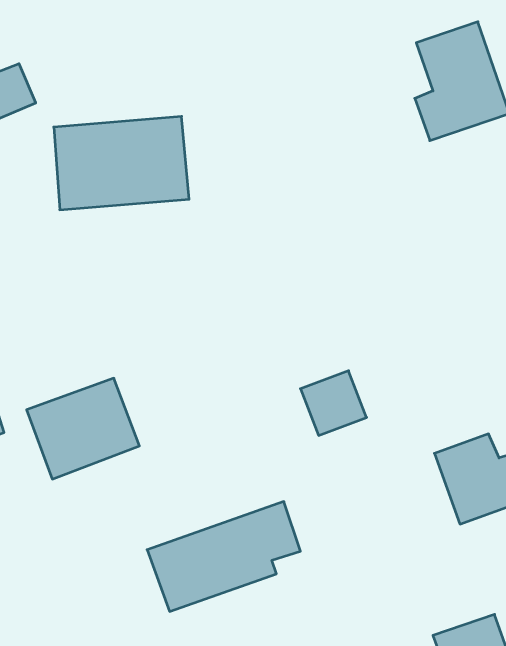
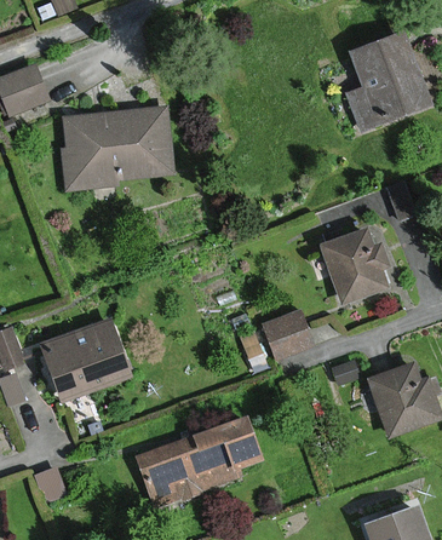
building: none -> [318,228,390,305]

